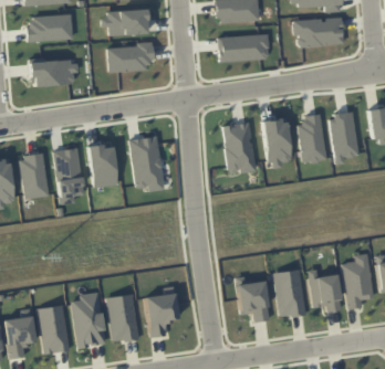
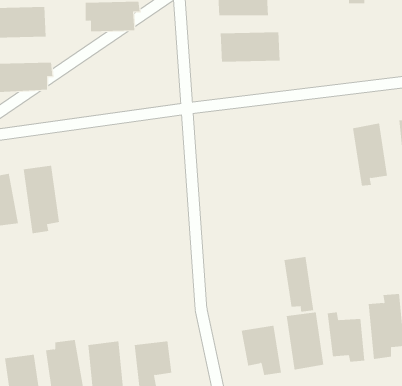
building: [293,17,344,48] -> none
building: [108,45,152,72] -> none
building: [299,114,325,164] -> none
building: [262,117,292,169] -> none
building: [222,122,256,173] -> none
building: [131,137,164,191] -> none
building: [89,145,116,188] -> none
building: none -> [284,256,314,312]

